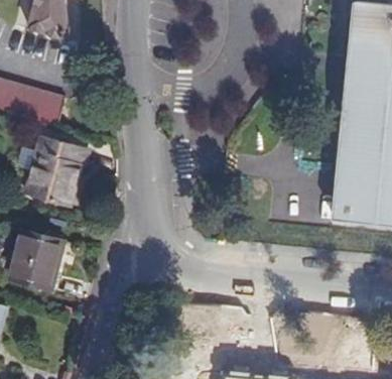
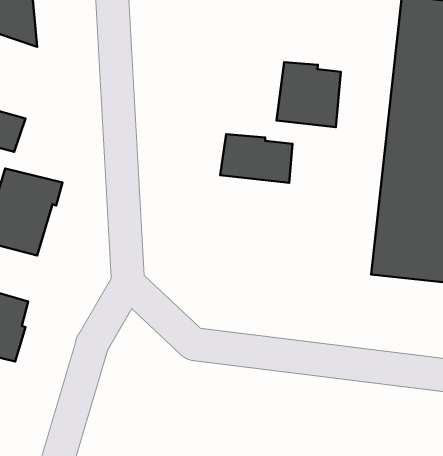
building: none -> [276,62,341,127]
building: none -> [220,134,292,183]

